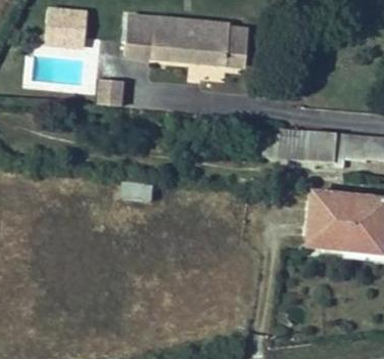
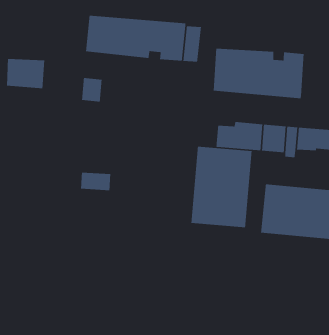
building: [45,7,86,40] -> [6,58,45,89]
building: none -> [213,48,304,99]
building: none -> [191,146,252,228]

